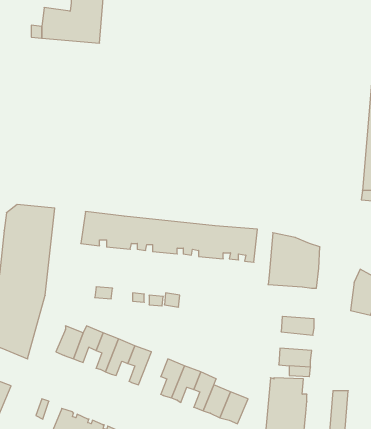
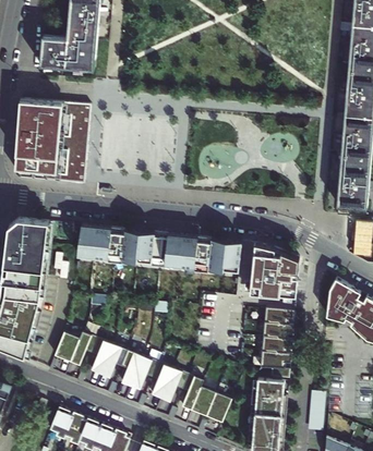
building: none -> [14,100,91,185]
building: none -> [263,308,293,326]
building: none -> [261,338,291,355]
building: none -> [130,356,157,391]

